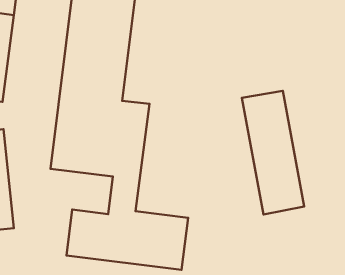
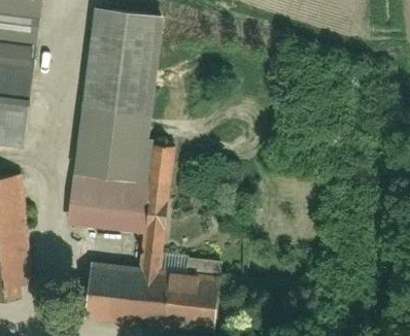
building: [242,91,304,215] -> none

